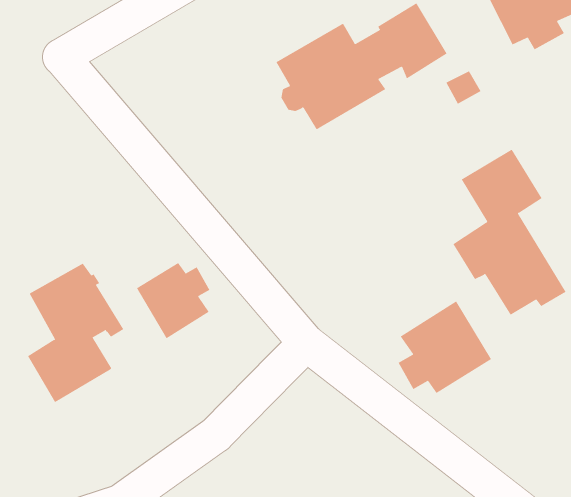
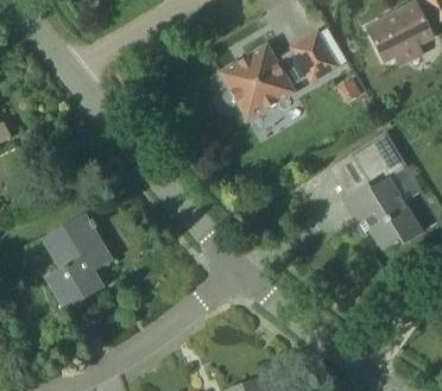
building: [136,262,210,339] -> none
building: [398,301,492,394] -> none

